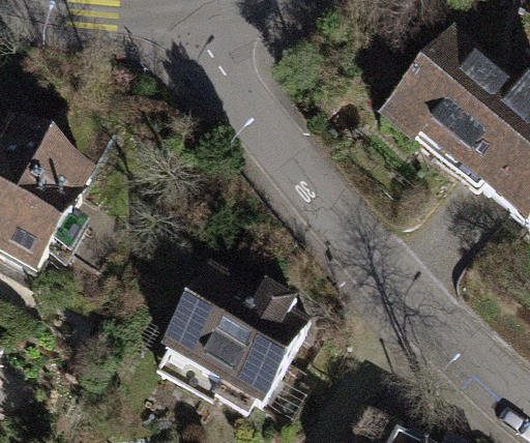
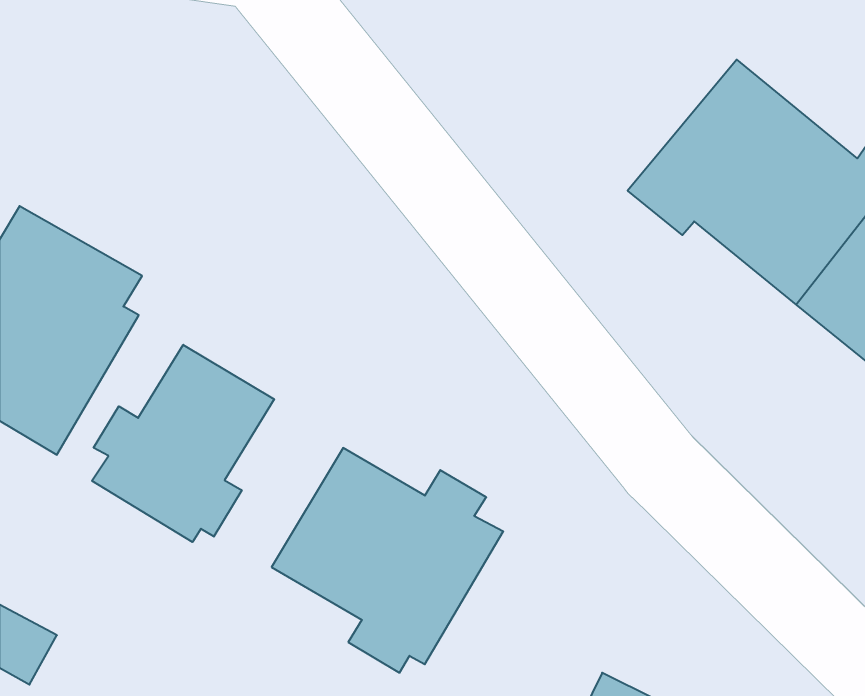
building: none -> [92,345,274,542]

